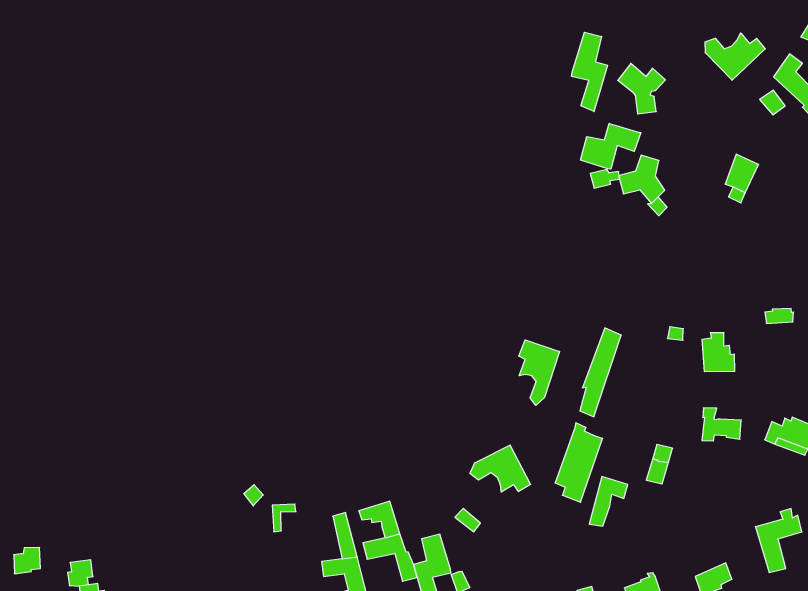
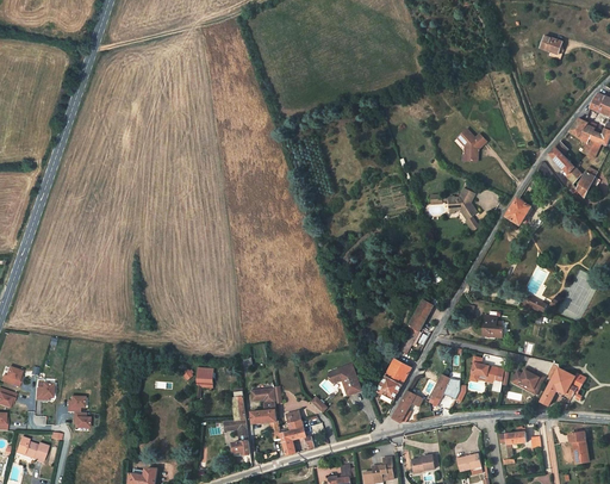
building: [572,32,607,112] -> none
building: [705,33,765,80] -> none
building: [581,123,641,169] -> none
building: [519,340,560,405] -> none

